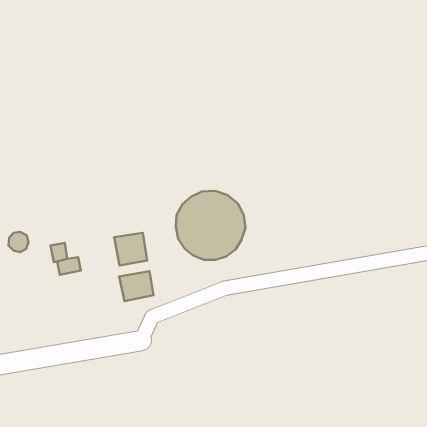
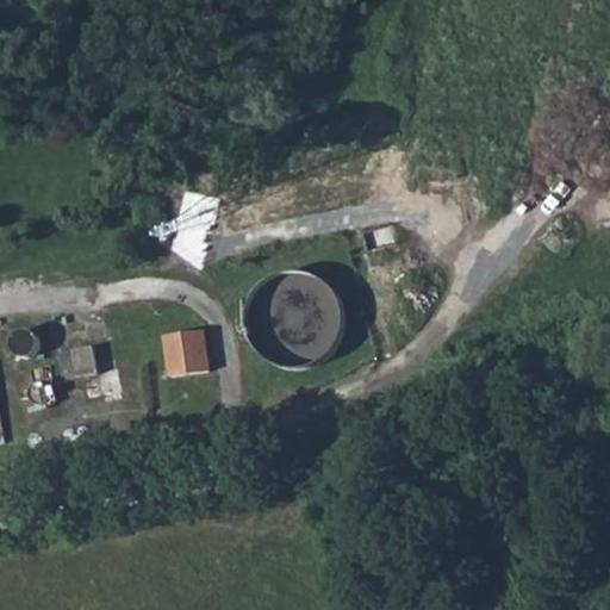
building: [119,271,154,301] -> none

